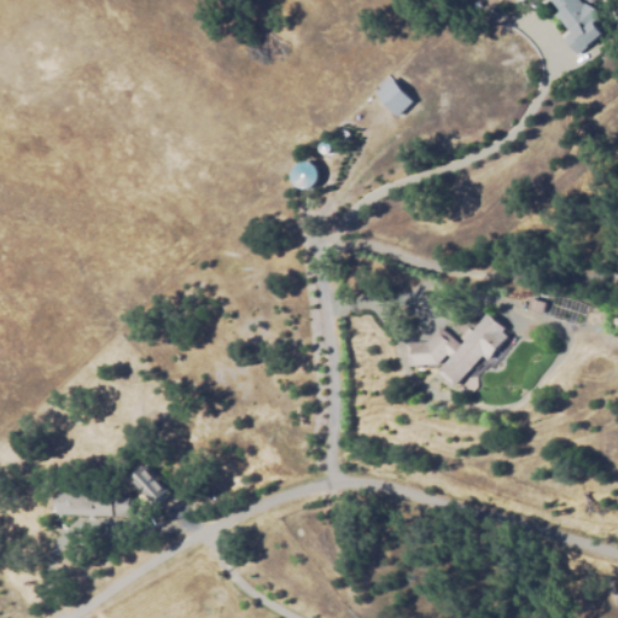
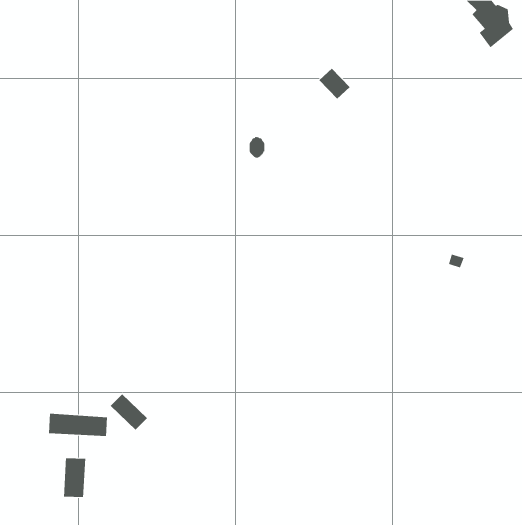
building: [403,314,506,389] -> none
building: none -> [63,458,86,498]

